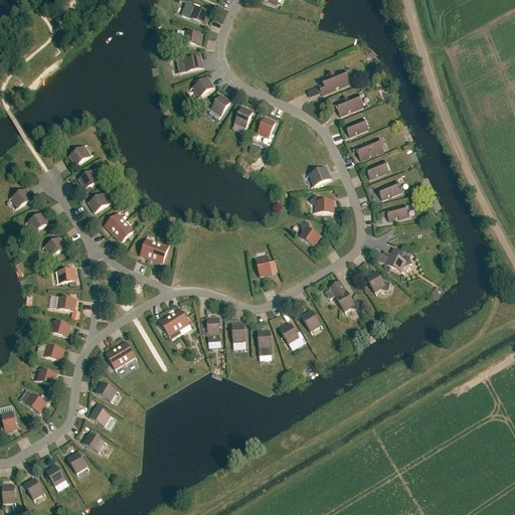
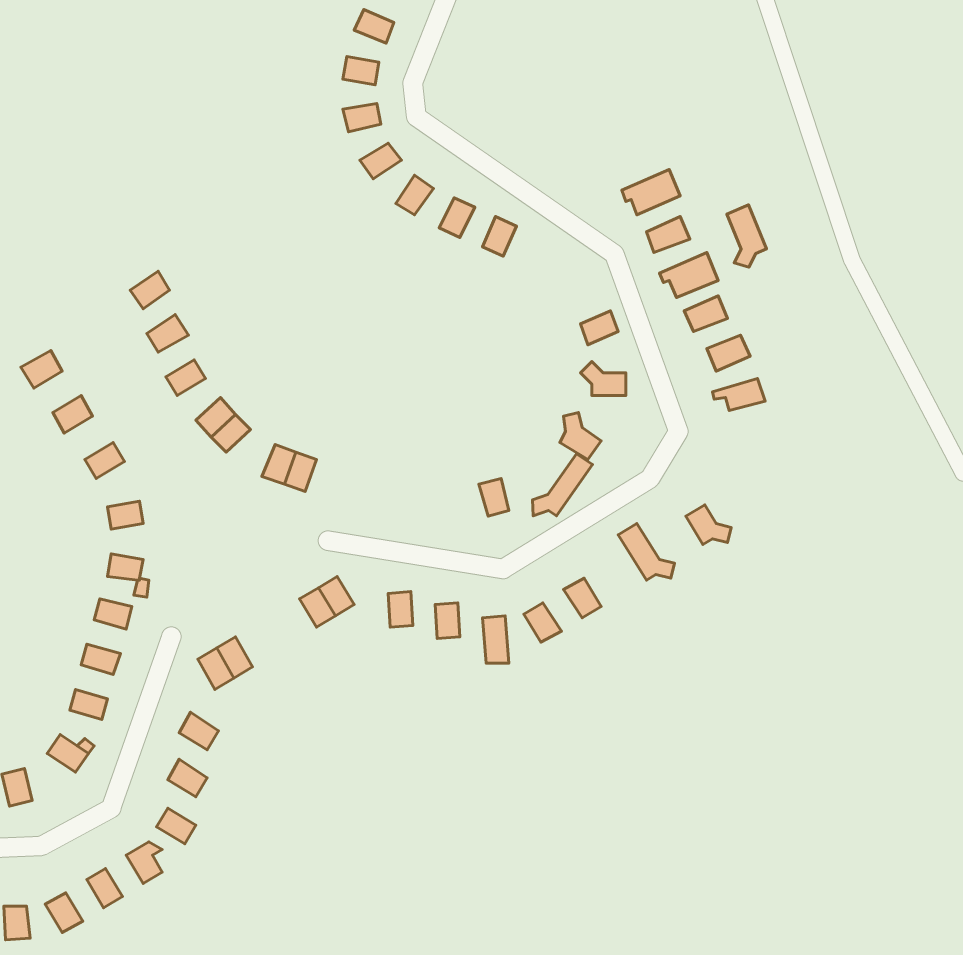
building: [319,66,350,94] -> none
building: none -> [727,205,767,267]
building: none -> [533,454,592,516]
building: [376,249,411,271] -> none

